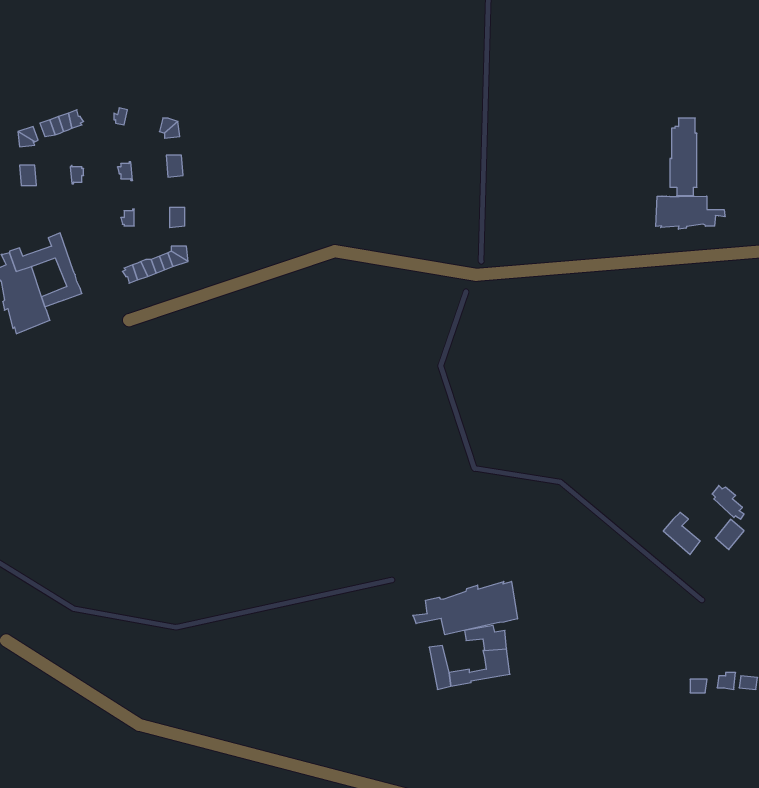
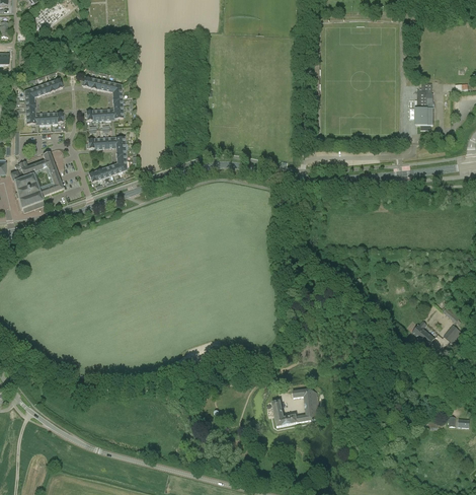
building: [656,196,725,229] -> none
building: [413,581,517,635] -> none

